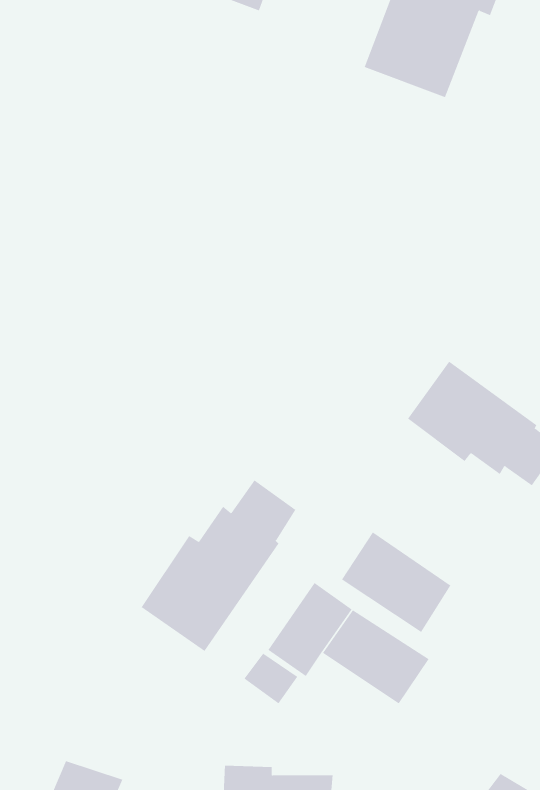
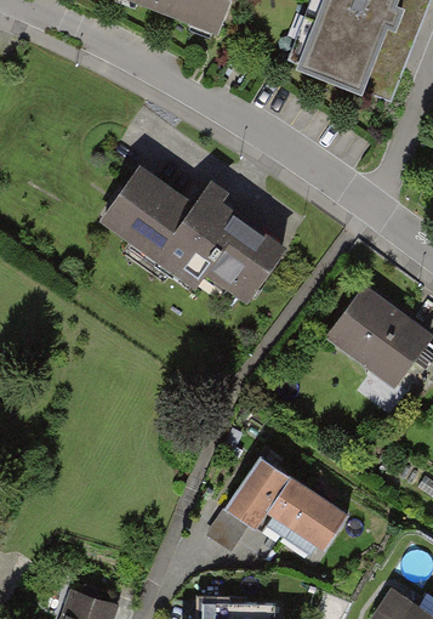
building: none -> [103,170,281,299]
building: [141,480,296,652] -> none
building: [341,531,451,633] -> none

